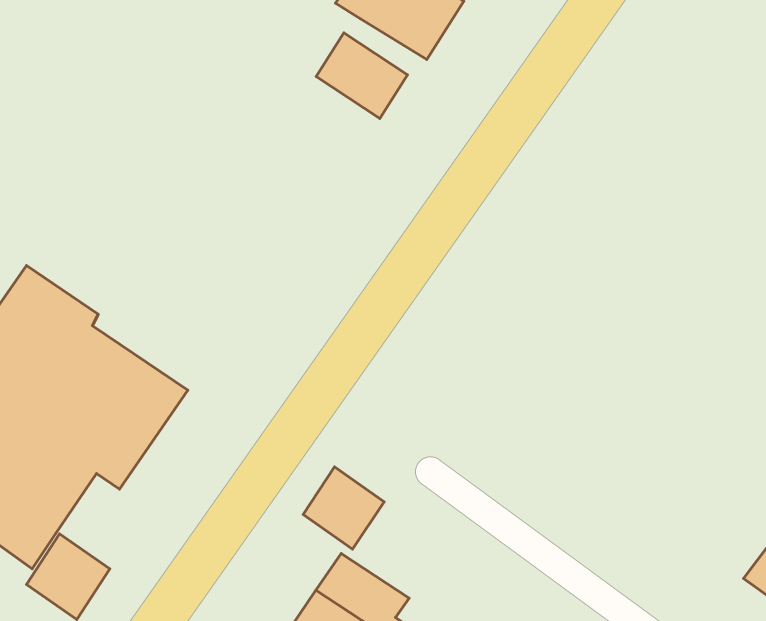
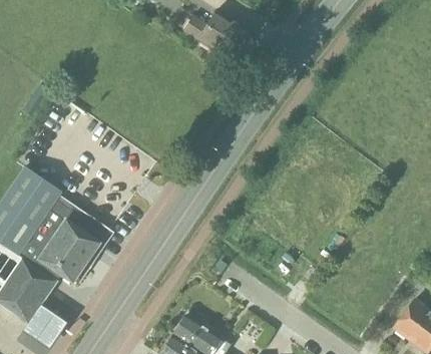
building: [316,33,408,119] -> none
building: [303,467,384,549] -> none

